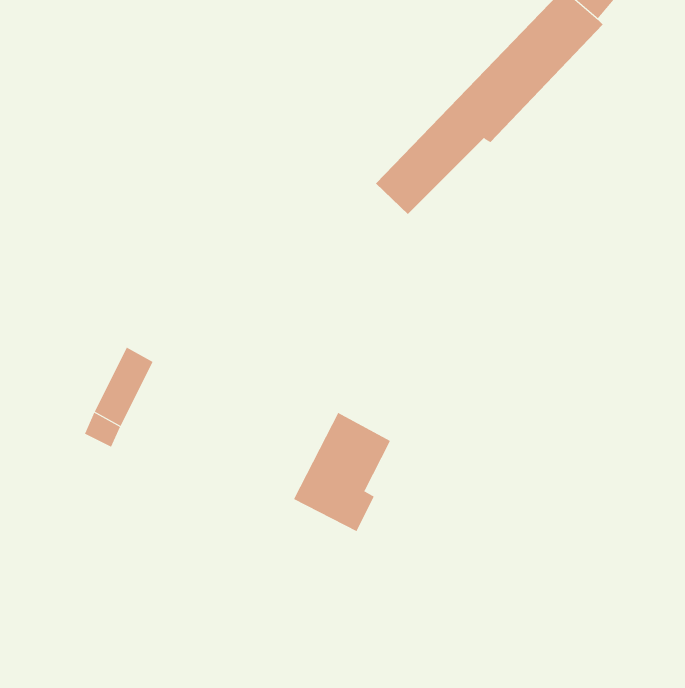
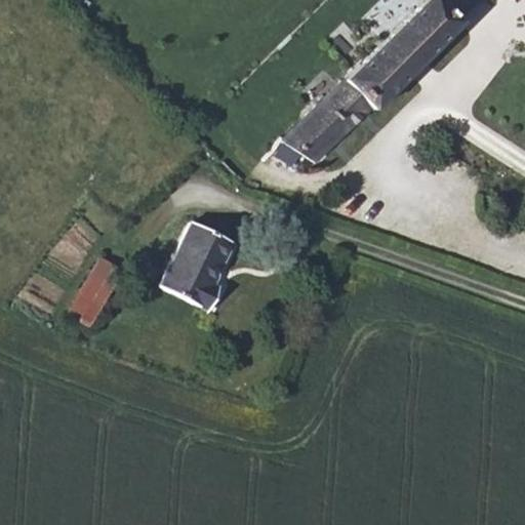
building: [293,412,391,532] -> [160,219,234,310]

